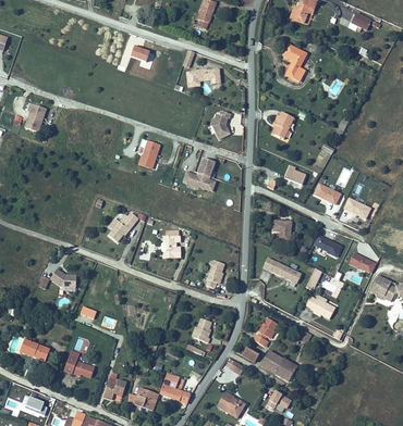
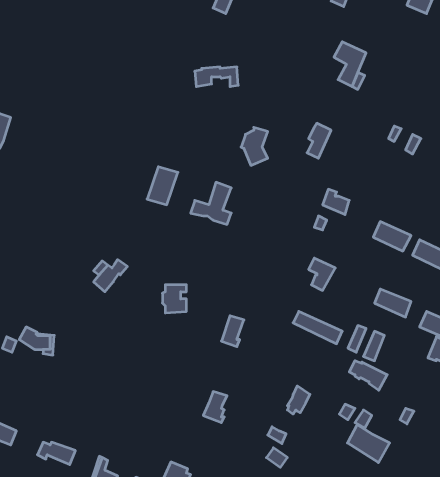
building: [261,349,294,378] -> [347,425,390,463]

